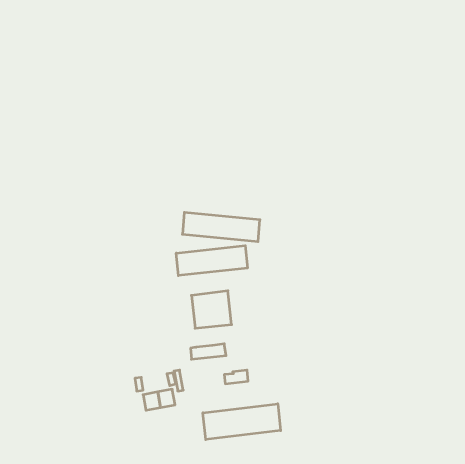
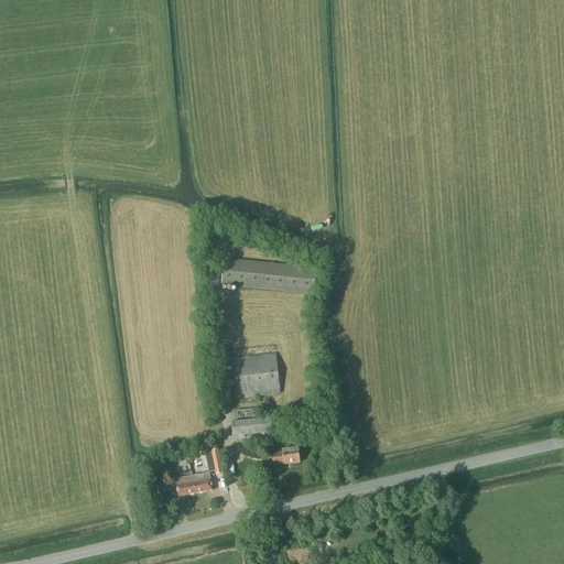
building: [176,246,247,276] -> none
building: [203,404,281,440] -> none

